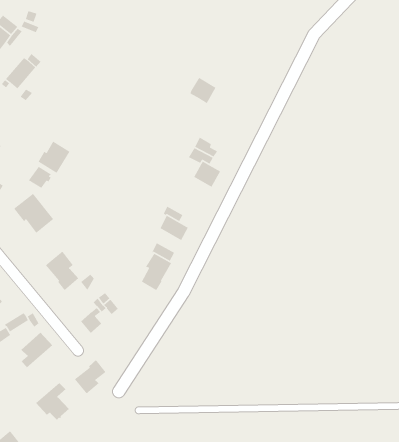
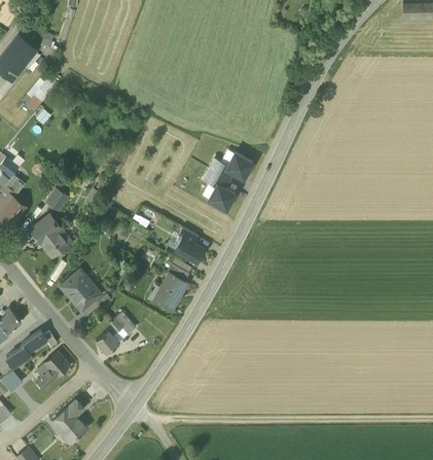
building: [189,77,217,104] -> [224,152,251,179]
building: [37,141,70,174] -> none
building: [74,359,106,394] -> none

